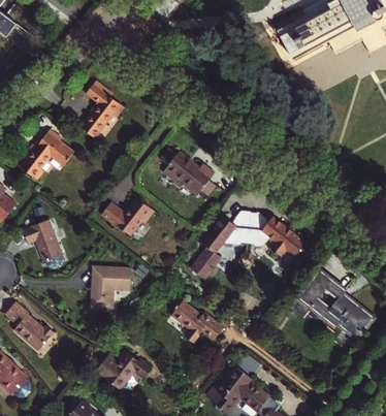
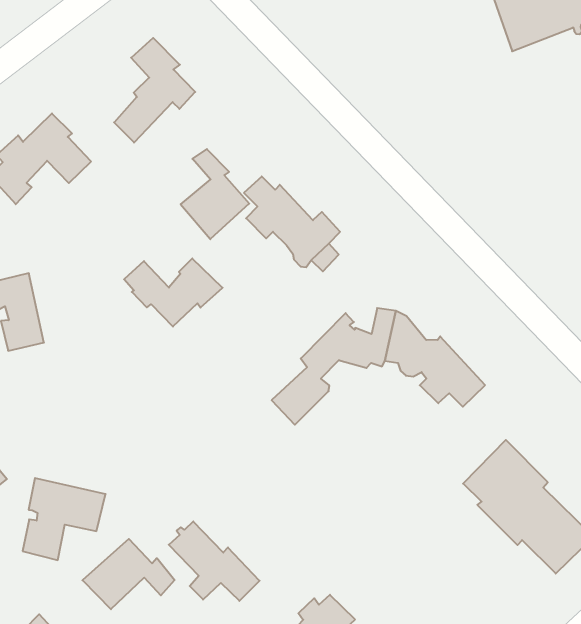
building: none -> [181,149,249,239]
building: [91,264,131,307] -> [23,478,106,560]
building: [171,300,223,342] -> [169,521,260,601]

